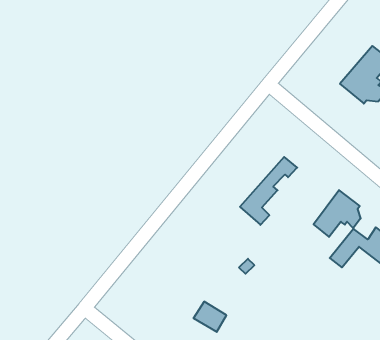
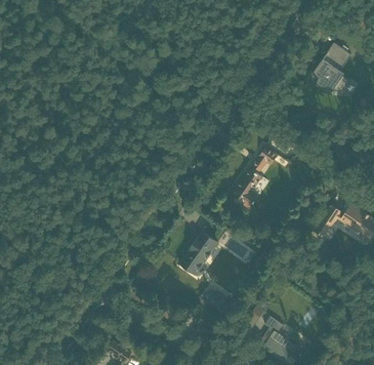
building: [314,190,361,237] -> none
building: none -> [179,231,220,277]

